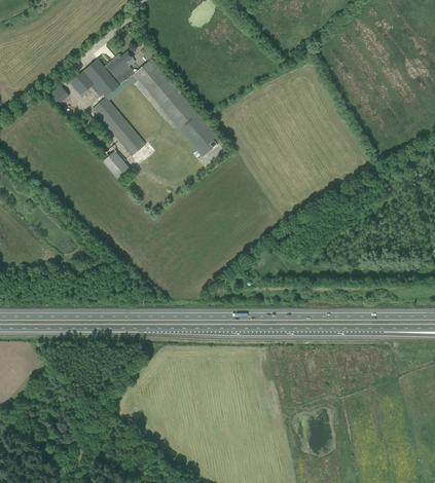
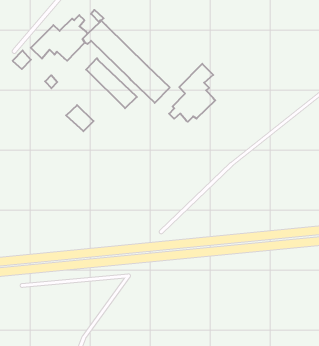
building: [93,97,146,155] -> [86,58,137,108]
building: none -> [169,64,215,122]

